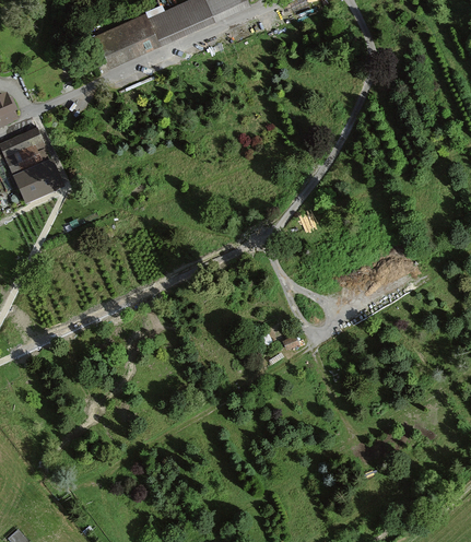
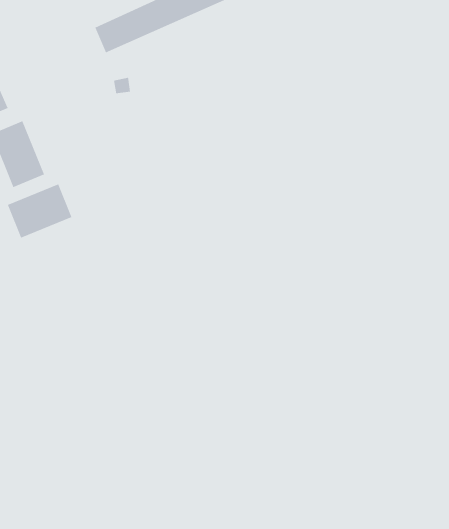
building: none -> [7,184,72,238]

